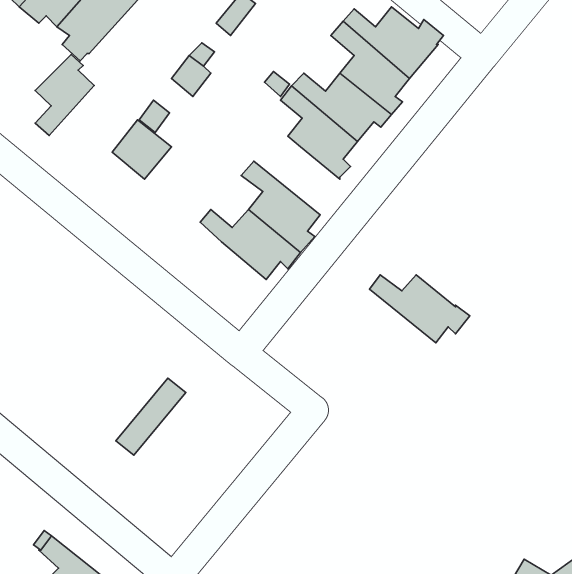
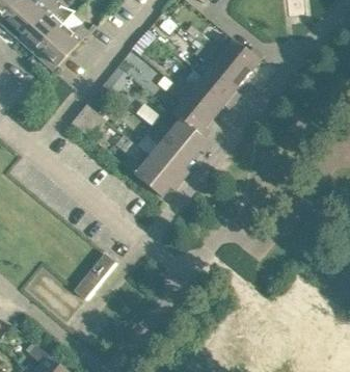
building: [35,55,94,135] -> none
building: [369,275,470,343] -> [154,119,212,159]

